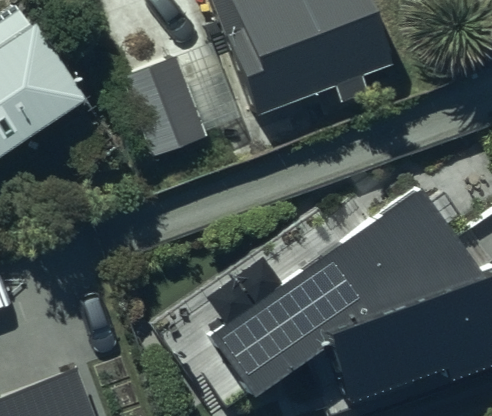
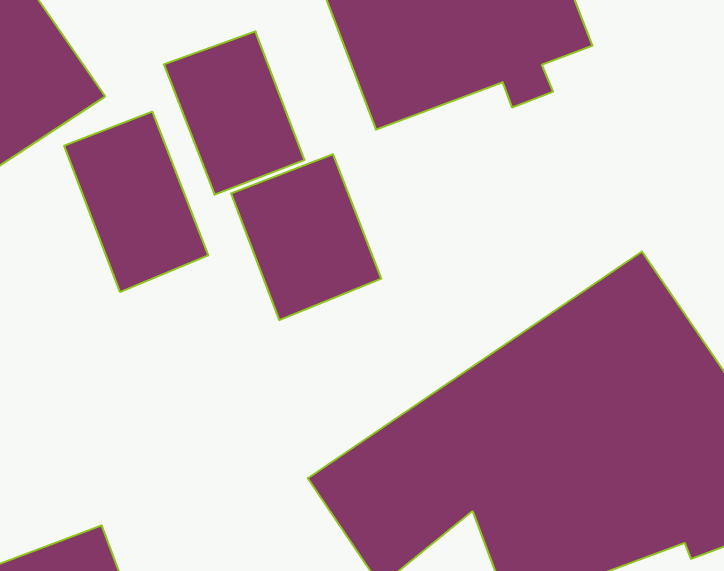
building: none -> [64,112,208,292]
building: none -> [231,154,381,320]

